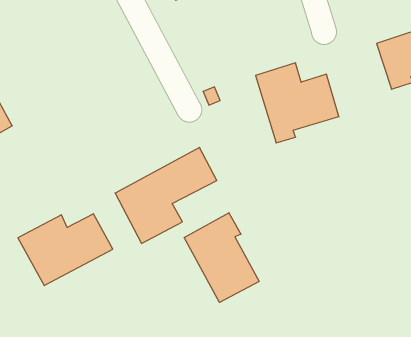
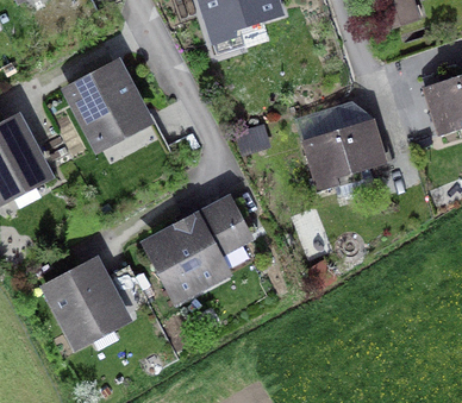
building: none -> [71,68,143,143]
building: [184,213,259,302] -> none

